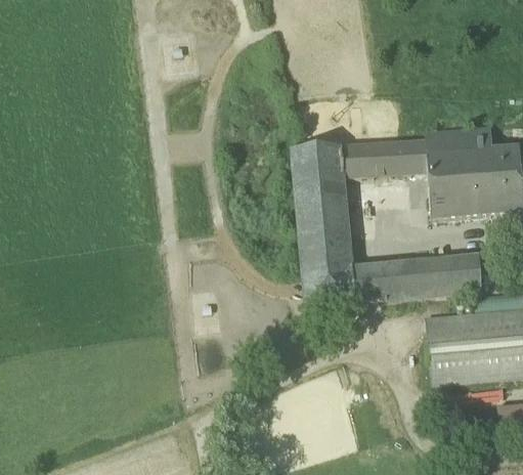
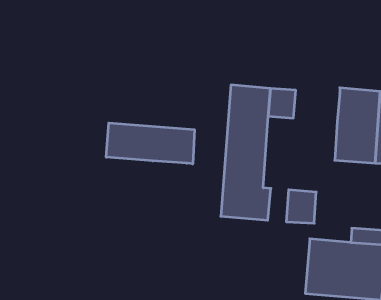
building: [374,136,430,176] -> none
building: none -> [106,123,194,164]
building: [420,254,483,298] -> none
building: [364,263,390,304] -> none

